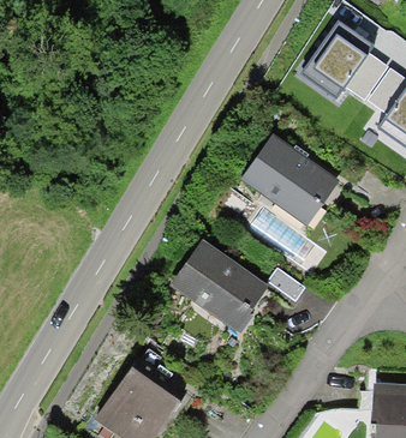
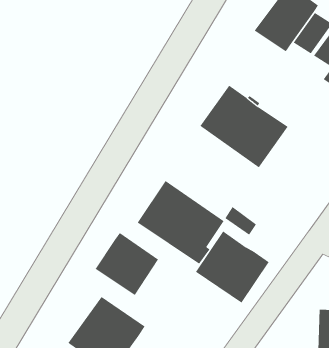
building: none -> [195,230,270,304]
building: none -> [95,232,159,296]

